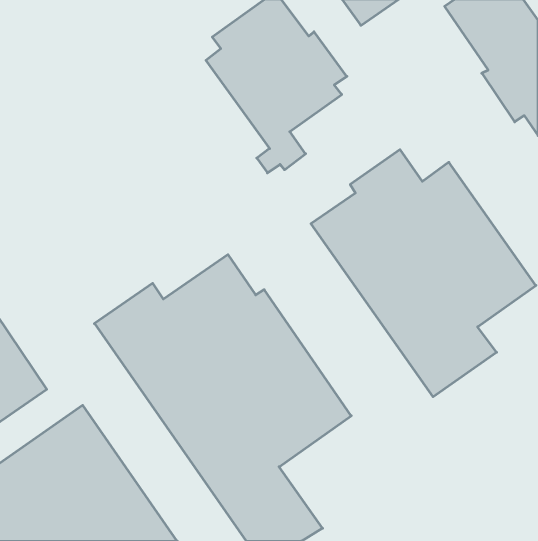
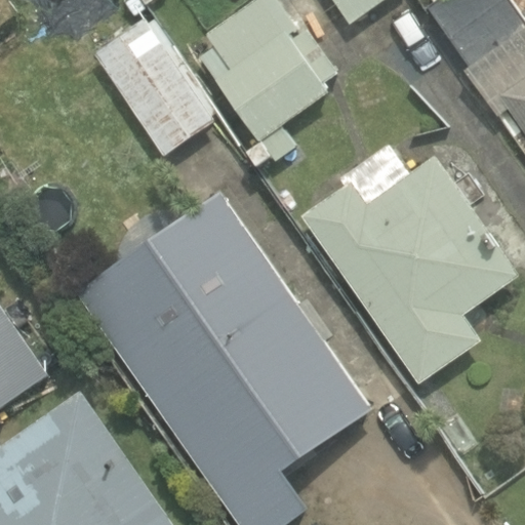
building: none -> [94,19,215,156]

